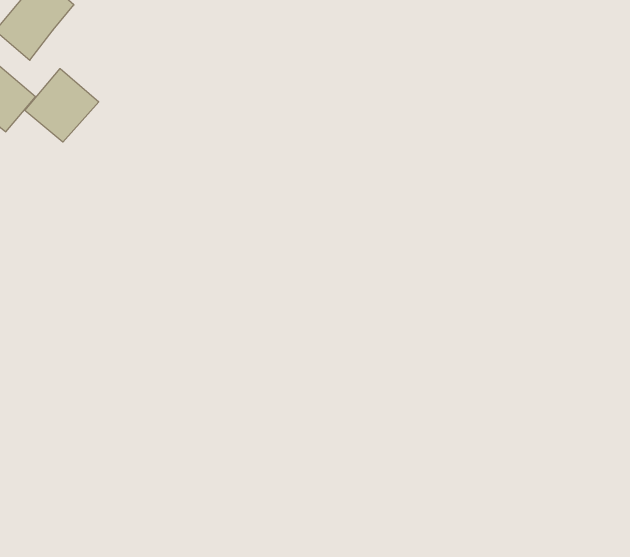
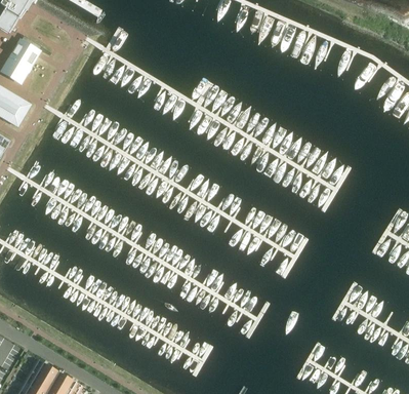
building: [25,69,99,142] -> none

